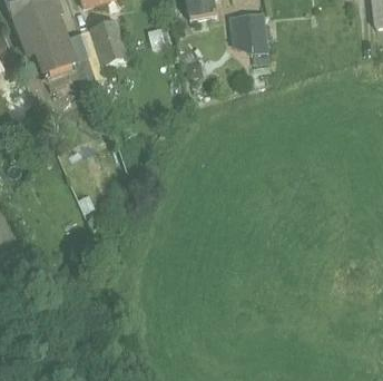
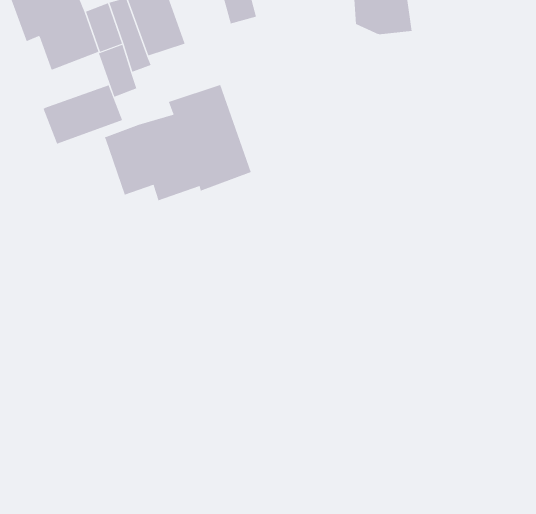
building: none -> [104,84,252,201]
building: none -> [43,84,123,145]

